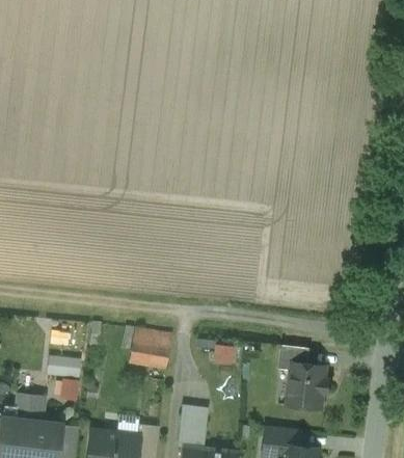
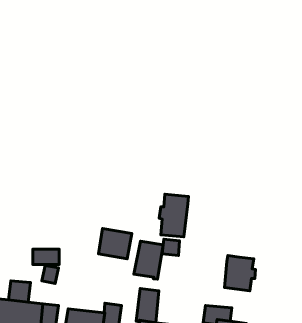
building: none -> [159,194,188,237]
building: none -> [134,241,163,279]
building: [278,347,311,372] -> none

